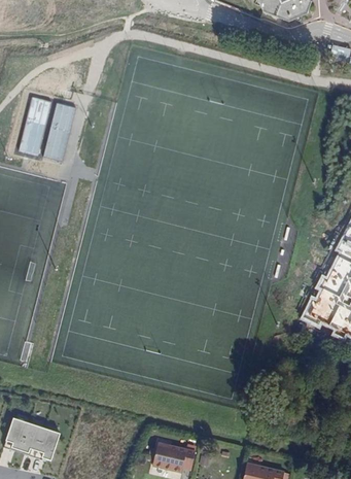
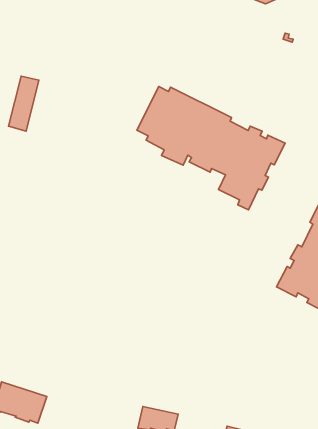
building: [43,102,75,162] -> none
building: none -> [137,87,285,210]

